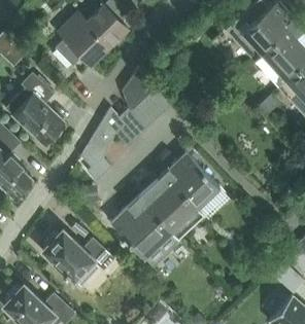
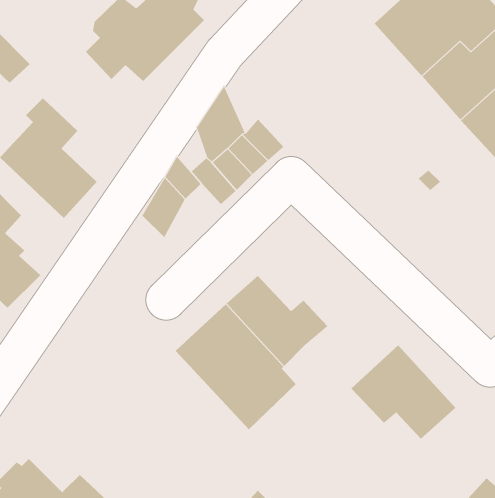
building: [81,142,111,180] -> none
building: [158,151,219,207] -> [351,344,456,439]
building: [42,229,113,286] -> none

